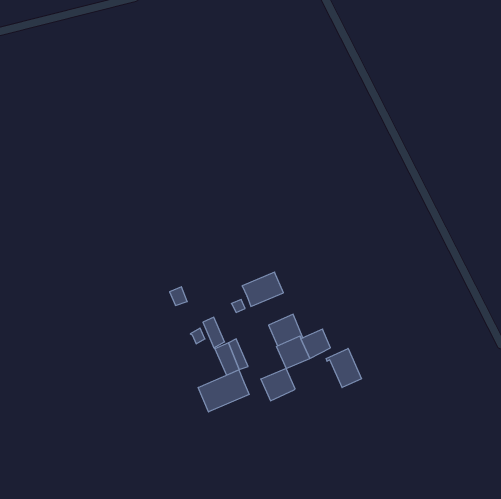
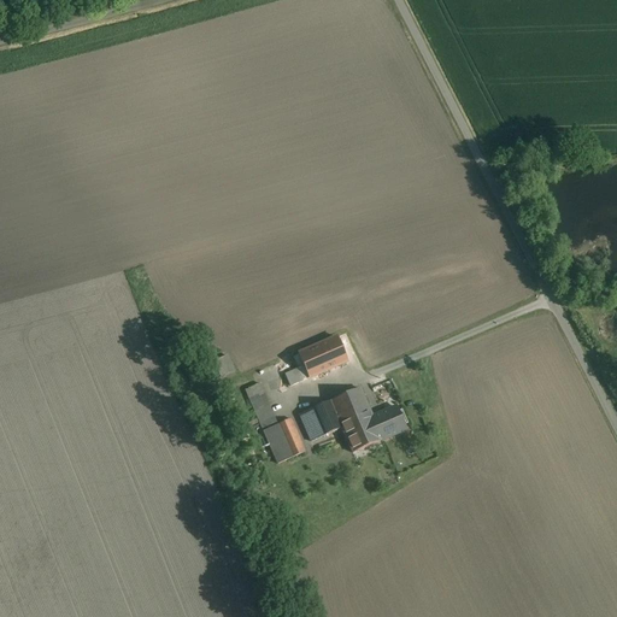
building: [326,348,362,388] -> none
building: [261,368,295,401] -> [299,399,341,439]
building: [198,370,249,412] -> none

